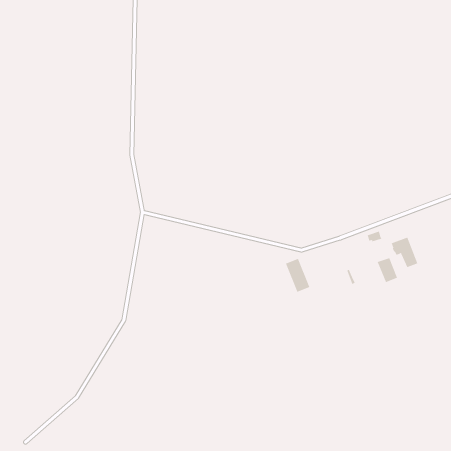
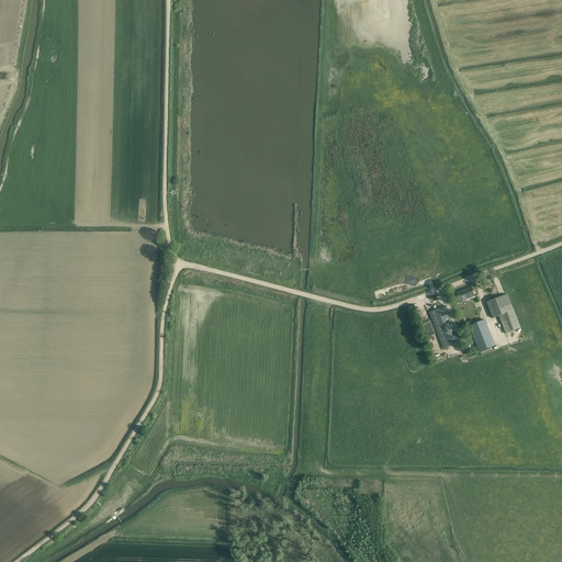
building: [285,258,310,293] -> [428,305,459,348]

